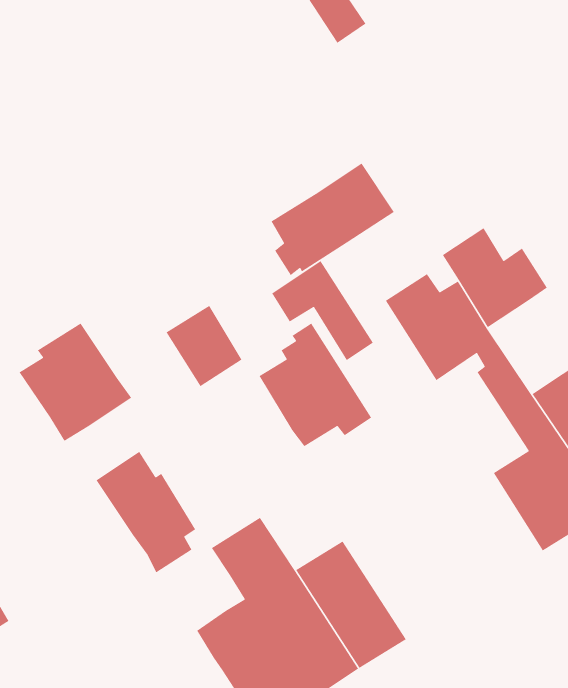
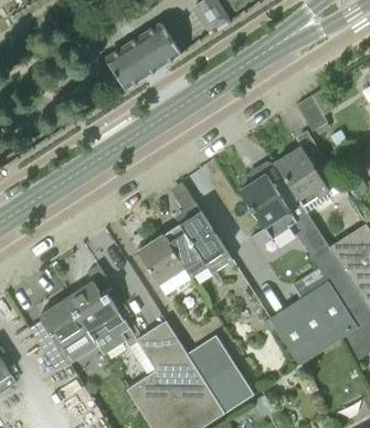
building: none -> [296,90,335,132]
building: [270,163,395,276] -> [106,24,181,93]
building: [165,305,242,387] -> [138,236,184,285]
building: [19,323,132,442] -> [29,299,97,370]
building: none -> [269,294,336,365]

